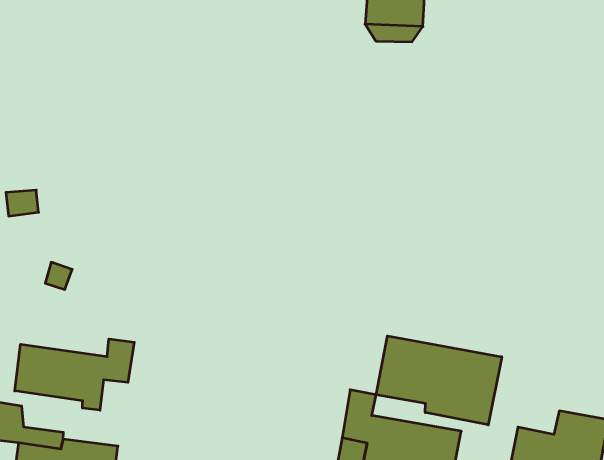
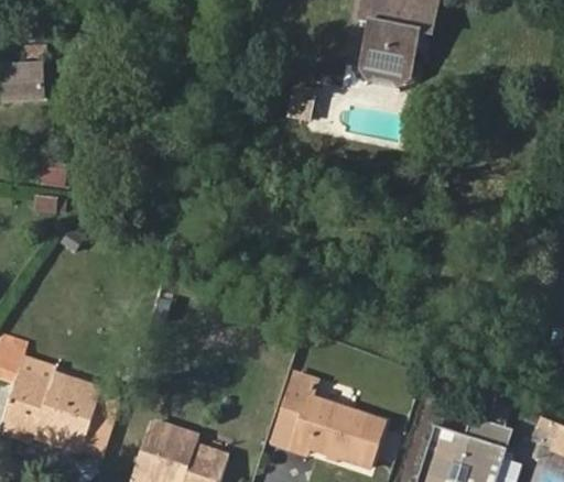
building: [376,336,502,425] -> none
building: [15,339,134,410] -> none

